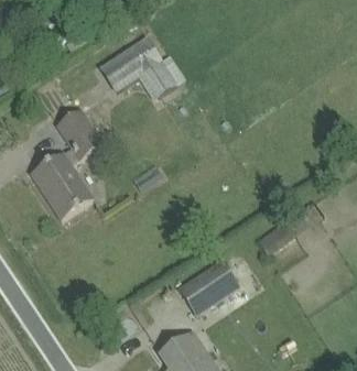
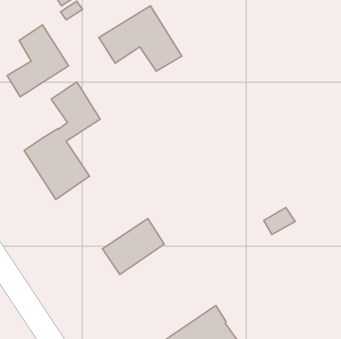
building: none -> [7,25,68,97]
building: [178,261,237,314] -> [102,218,164,274]

